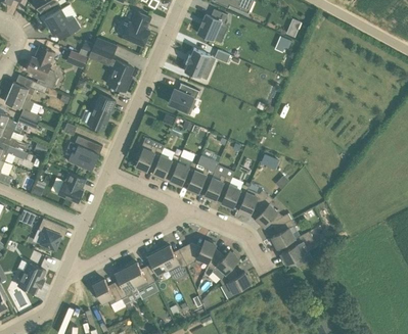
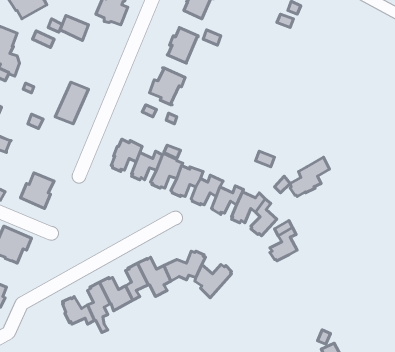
building: [109,61,133,92] -> none
building: [65,136,102,172] -> none
building: [280,231,314,265] -> [290,157,329,197]
building: [219,270,251,298] -> none

